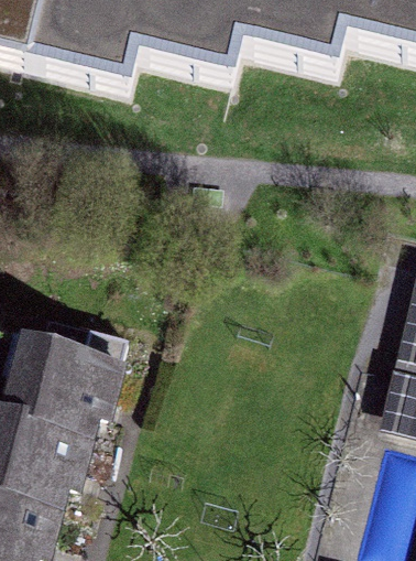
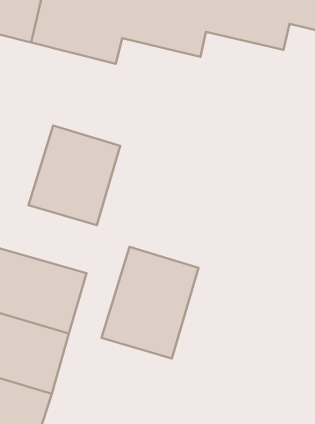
building: none -> [28,125,120,225]
building: none -> [102,247,198,358]

